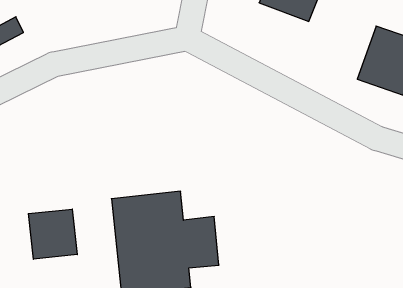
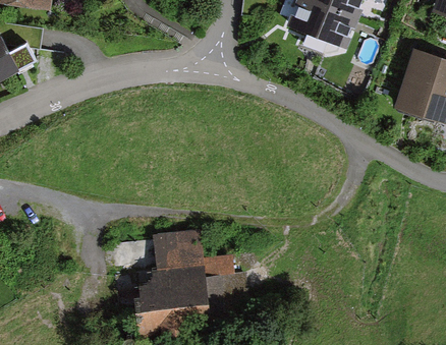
building: [28,209,77,259] -> none

